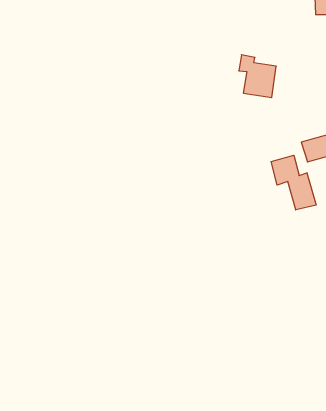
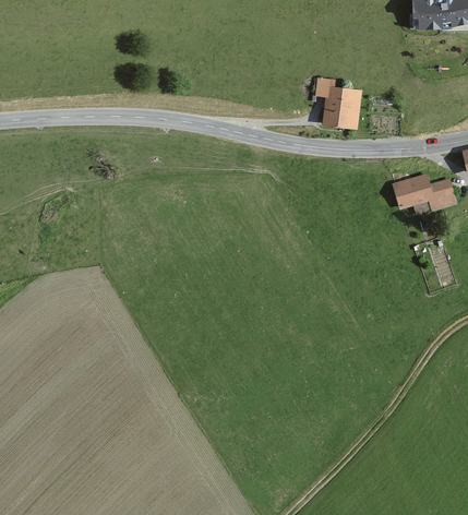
building: [271,155,316,210] -> none

